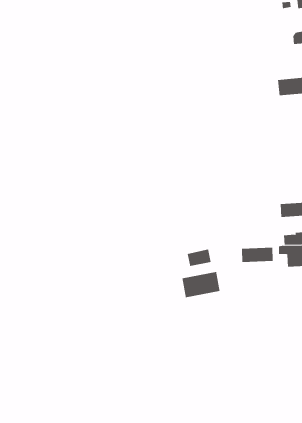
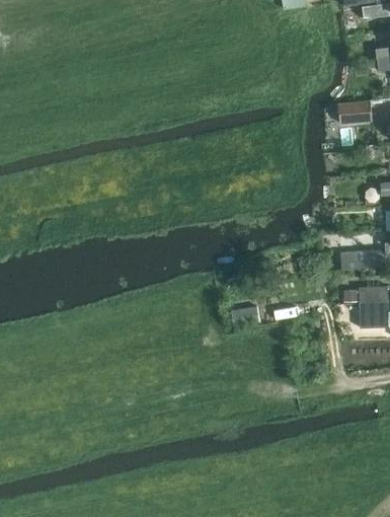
building: [241,247,273,263] -> none
building: [182,271,220,298] -> none

